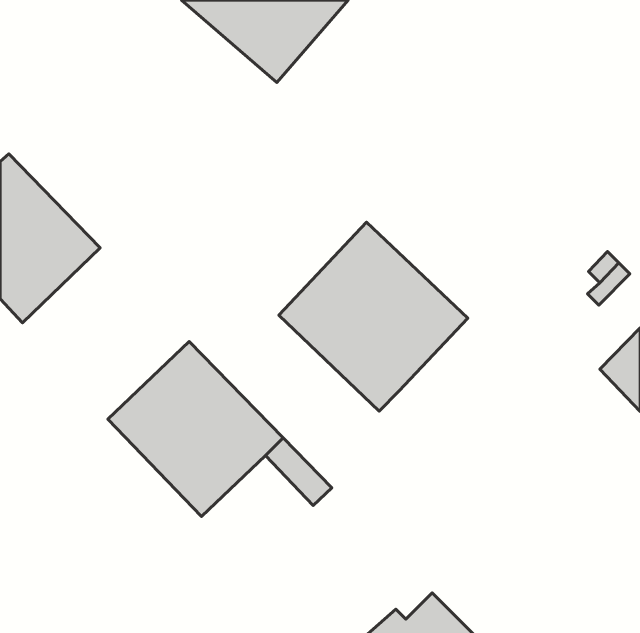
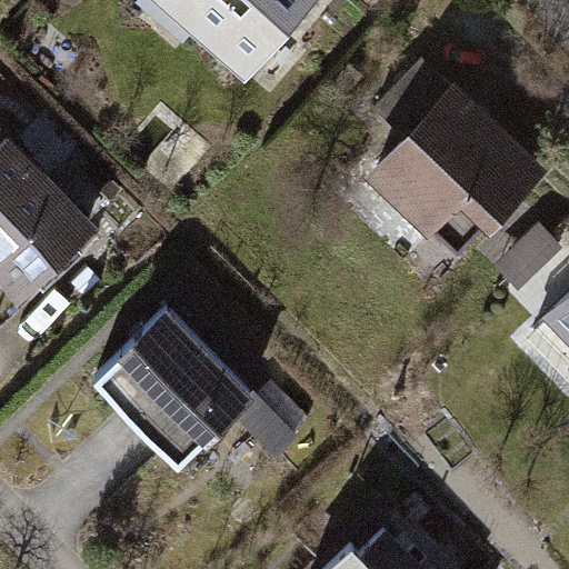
building: none -> [376,61,536,250]
building: [279,222,468,411] -> none

